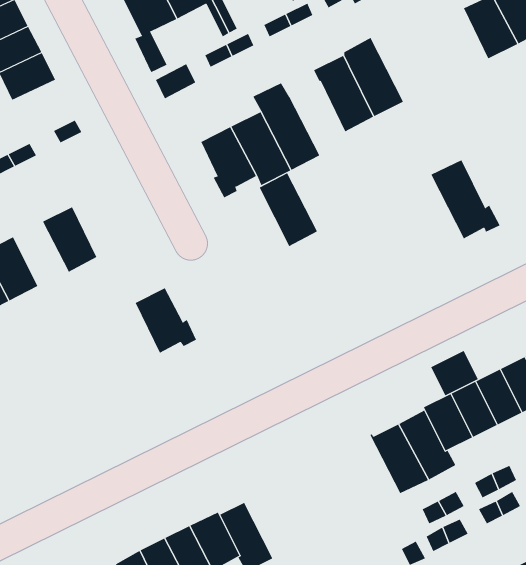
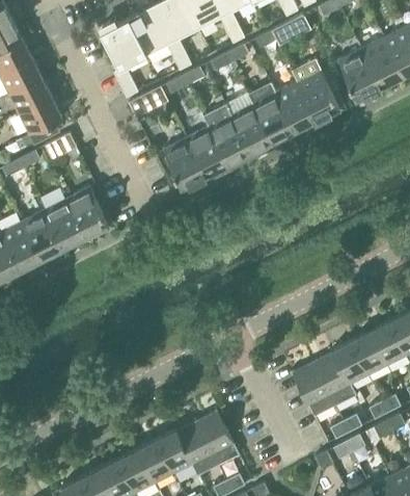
building: none -> [338,49,380,104]
building: none -> [21,103,61,145]
building: [430,159,500,239] -> [292,59,345,120]
building: [259,172,318,247] -> [230,104,275,160]
building: none -> [22,210,63,259]
building: [135,288,197,354] -> [66,187,113,237]
building: [430,350,479,396] -> none
building: none -> [196,409,239,465]

